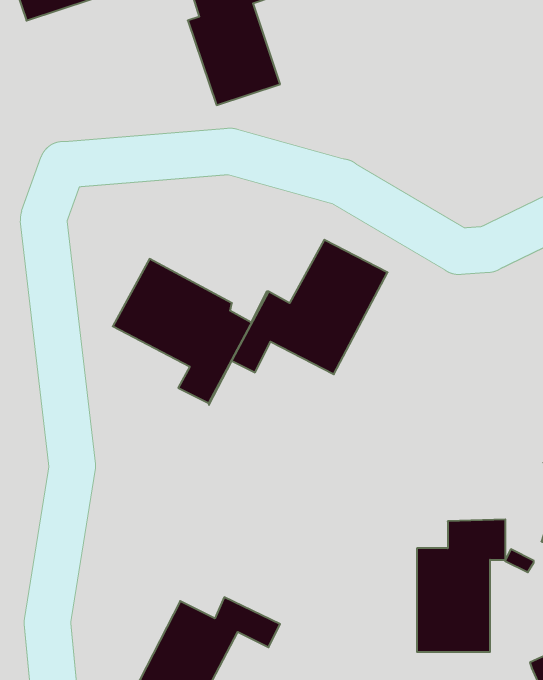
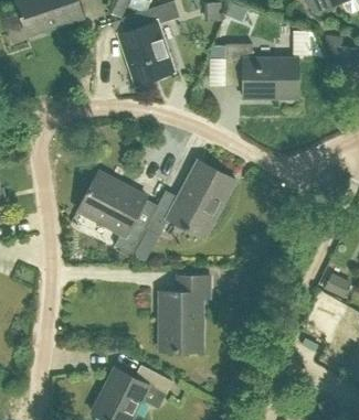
building: none -> [199,44,297,99]
building: [417,519,505,652] -> [159,276,210,352]

